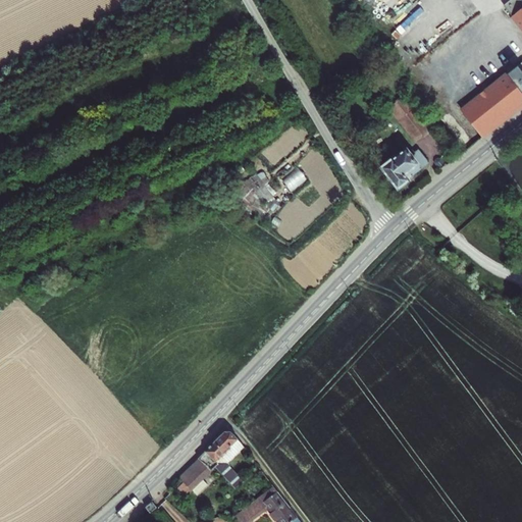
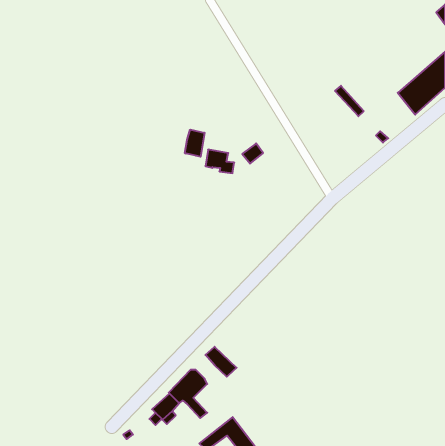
building: [385,147,431,187] -> none
building: none -> [185,130,205,157]
building: none -> [205,347,237,377]

